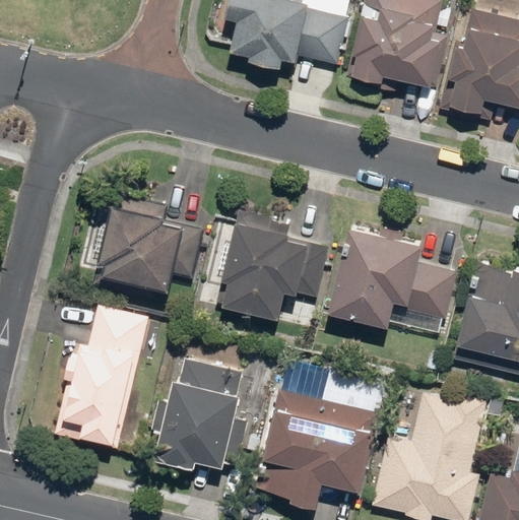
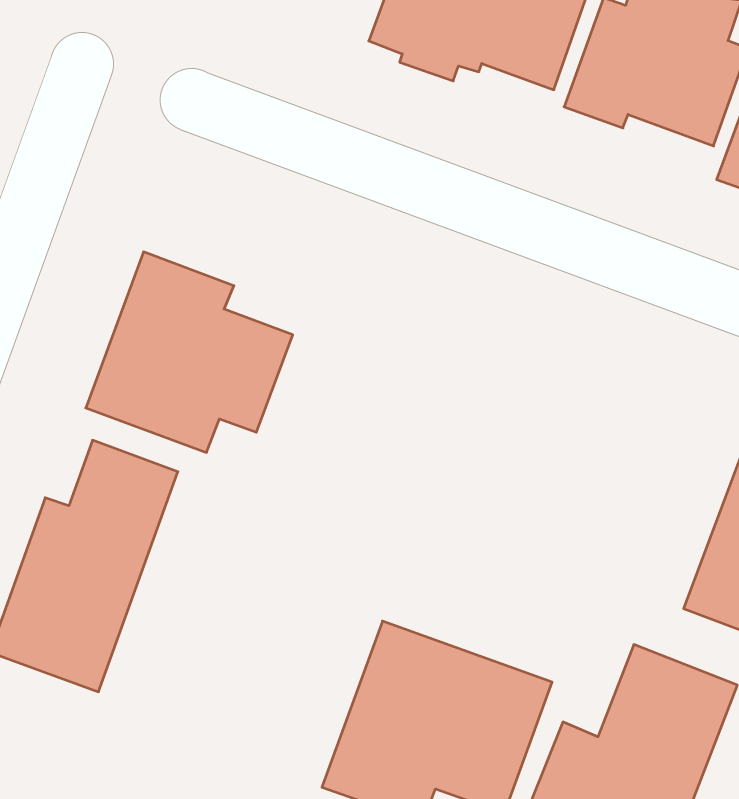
building: [217,209,330,318] -> none
building: [325,225,458,336] -> none
building: [151,358,245,467] -> none

